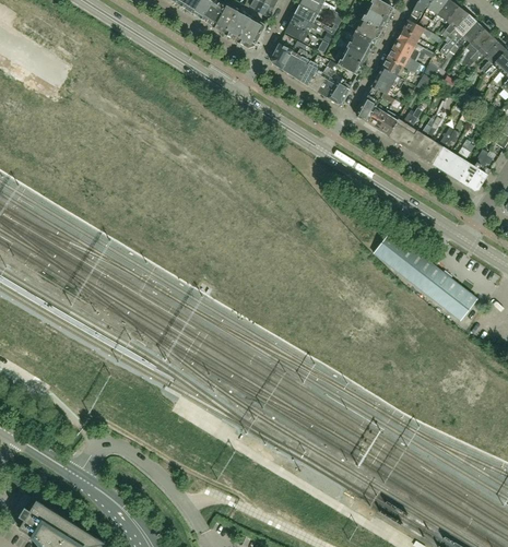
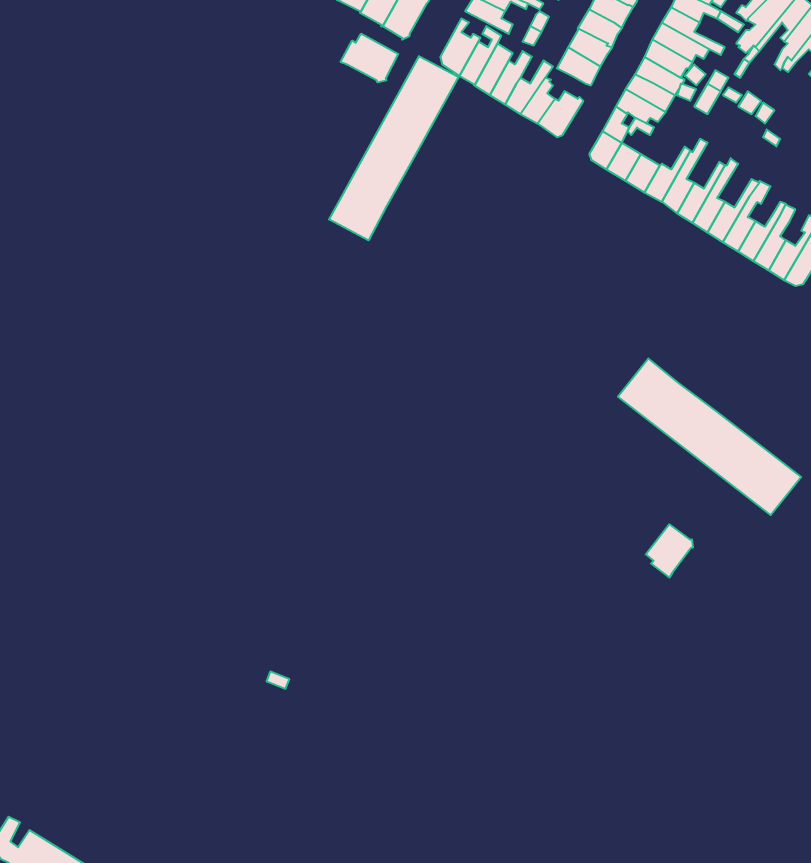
building: none -> [341,34,398,82]
building: none -> [329,56,458,240]
building: none -> [646,524,693,578]

